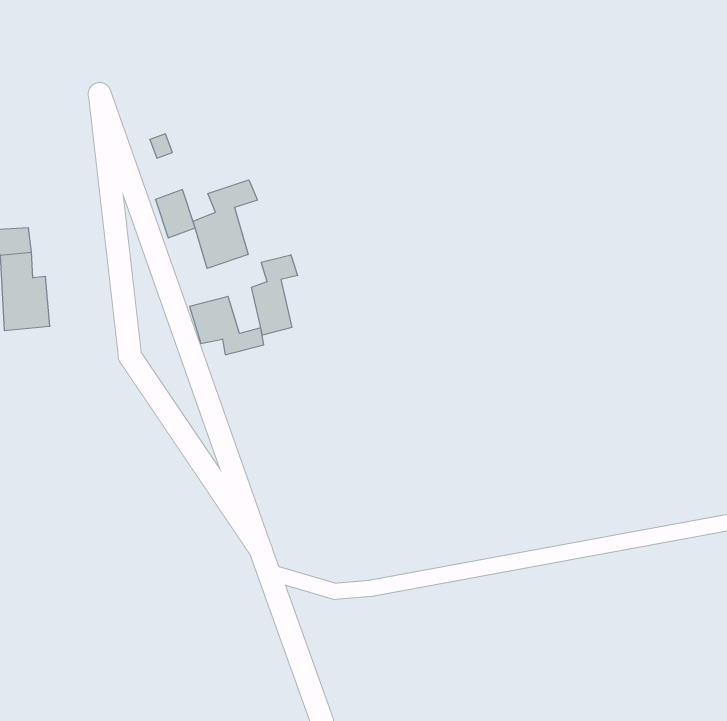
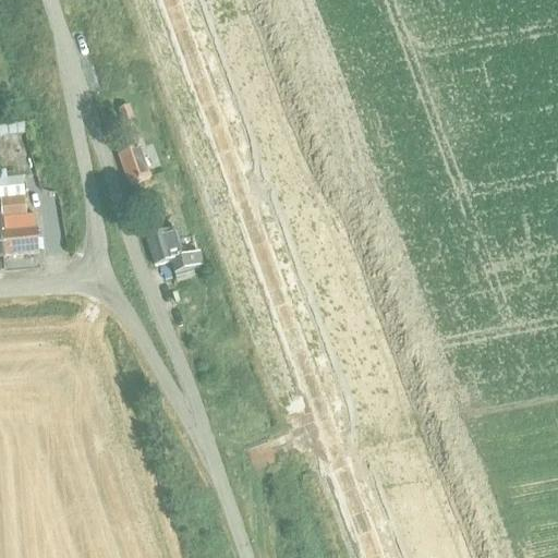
building: [193,180,257,268] -> none
building: [252,255,297,335] -> none

